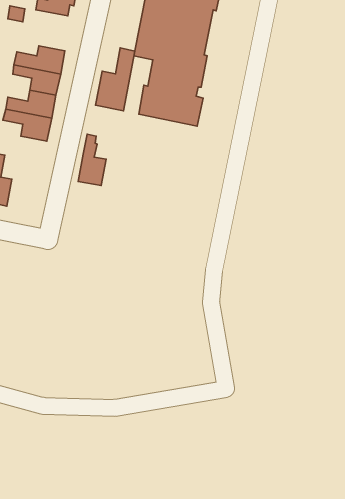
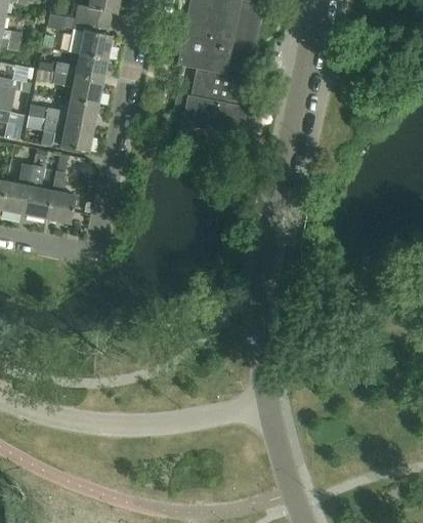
building: none -> [70,17,112,59]
building: [96,48,135,111] -> none
building: [78,134,106,185] -> [47,170,76,223]

